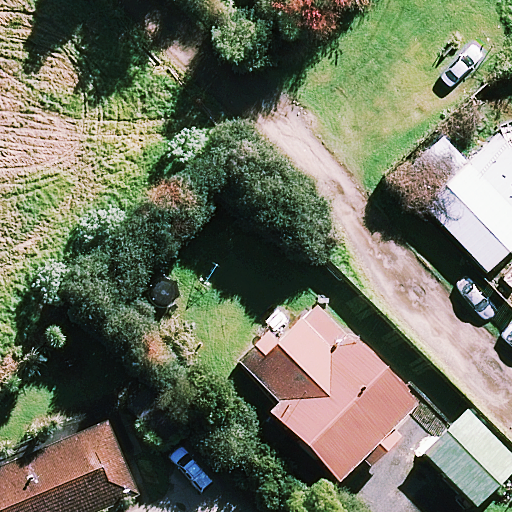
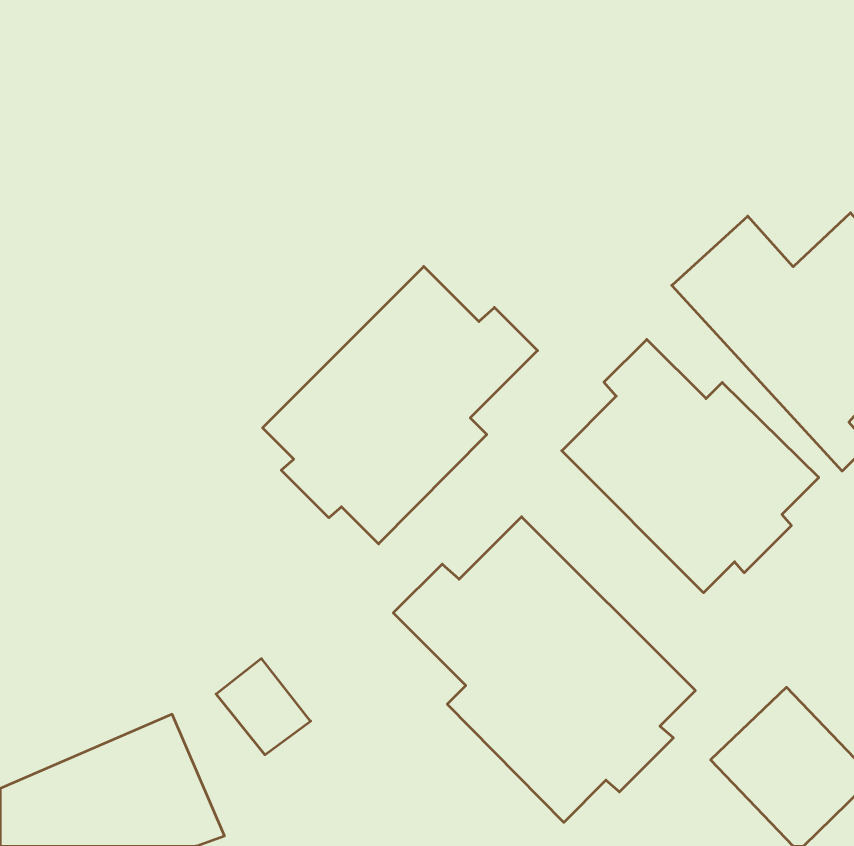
building: none -> [263,266,538,544]
building: none -> [562,339,819,593]

